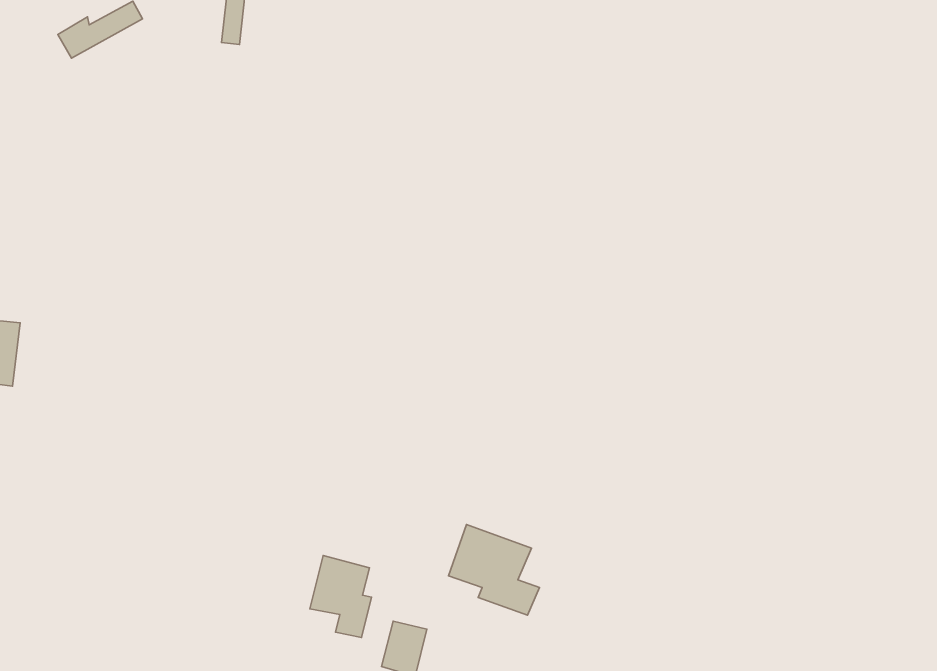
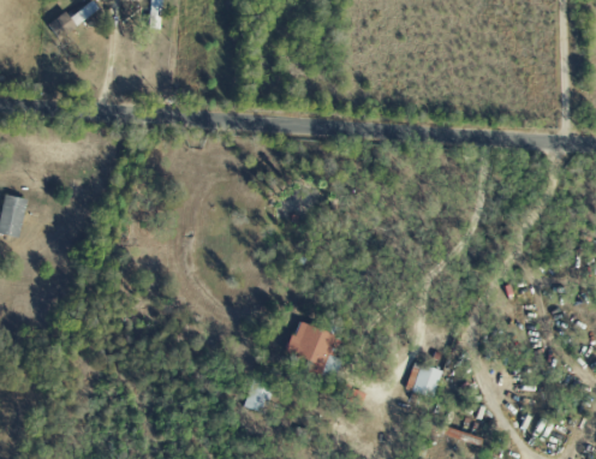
building: [310,556,372,637] -> none
building: none -> [405,362,442,398]

